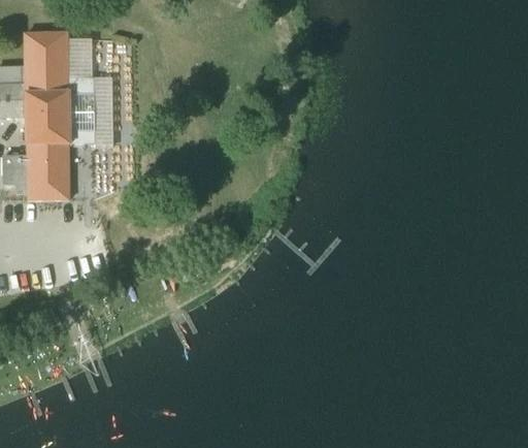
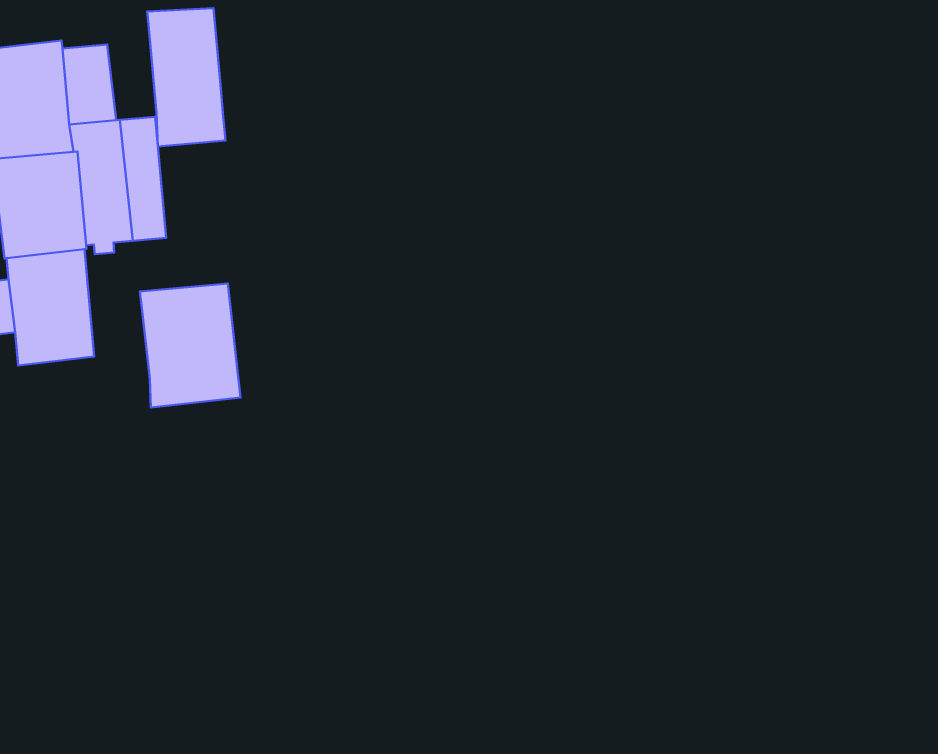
building: none -> [147,8,225,146]
building: none -> [140,284,241,408]

